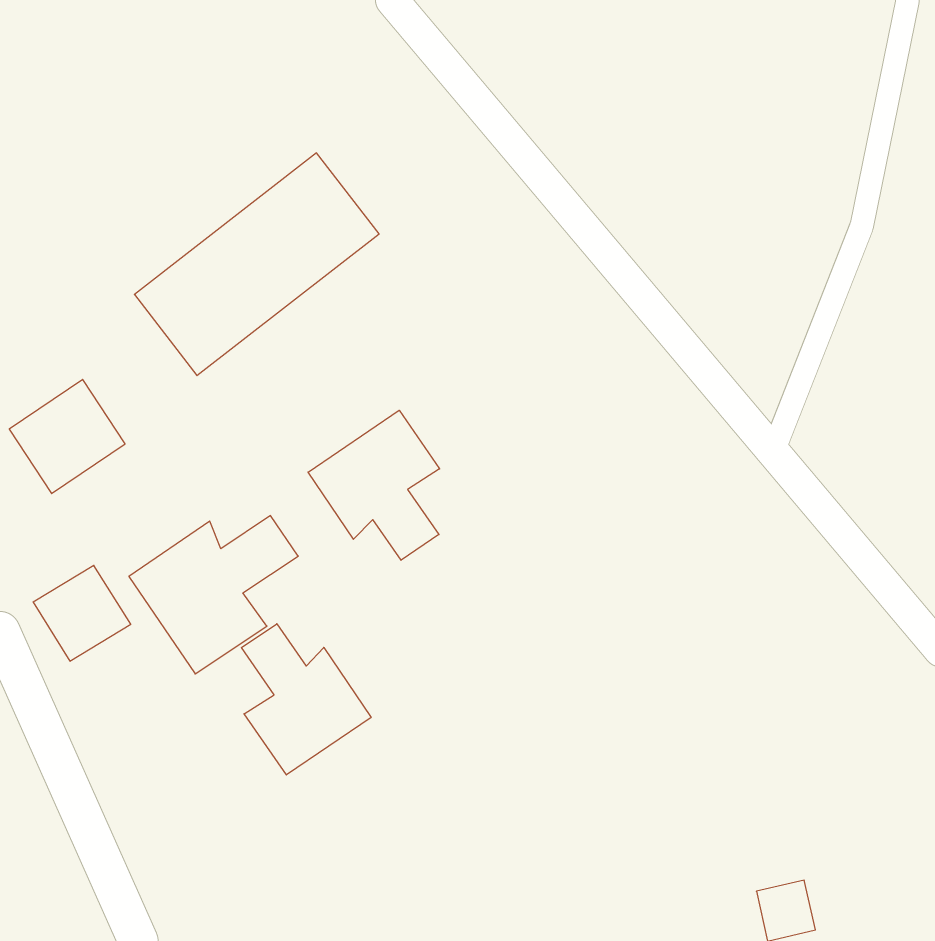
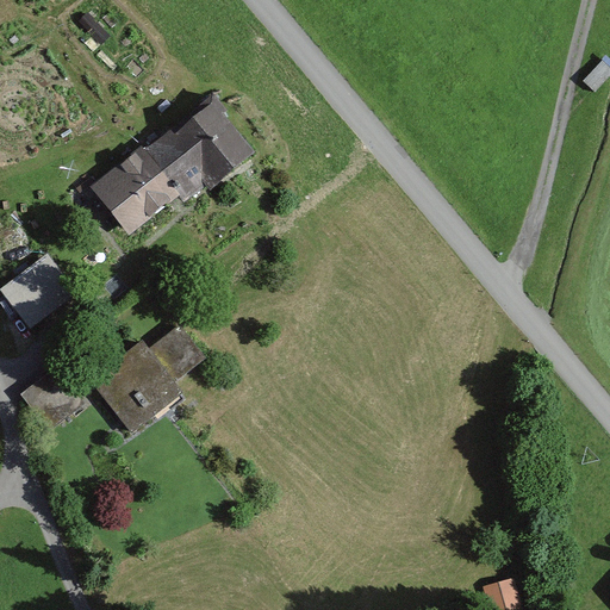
building: [308,410,440,560] -> none
building: [241,624,371,775] -> none

